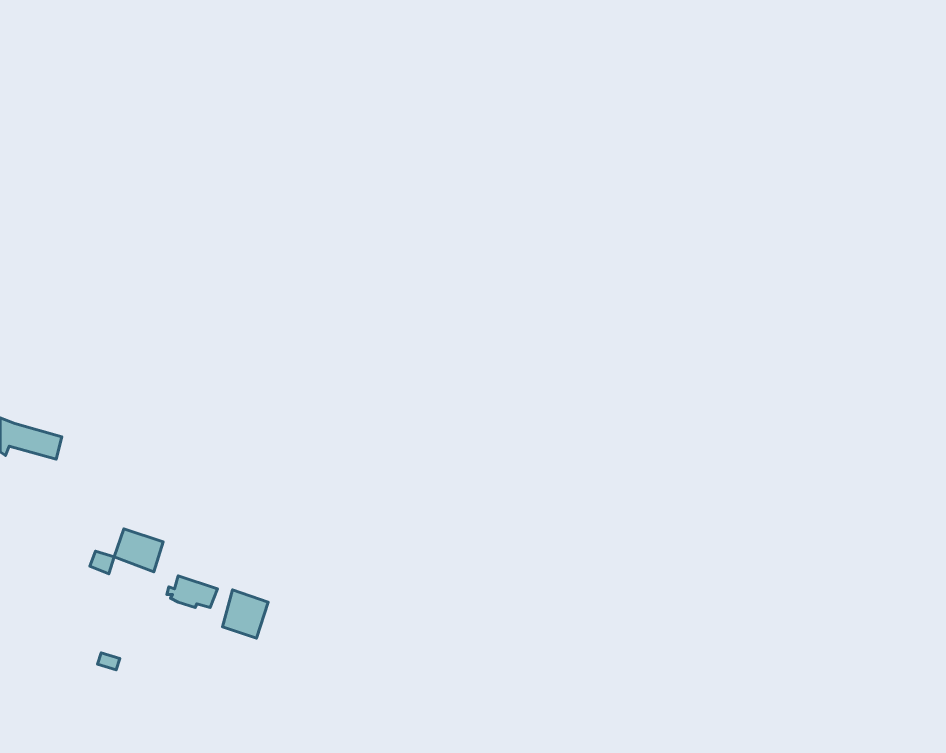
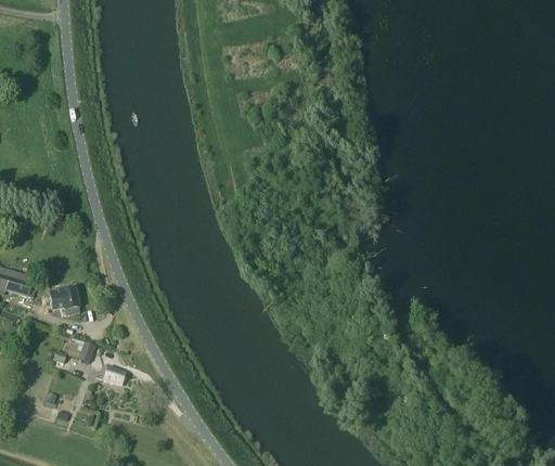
building: none -> [49,286,79,313]
building: [222,590,268,638] -> none

